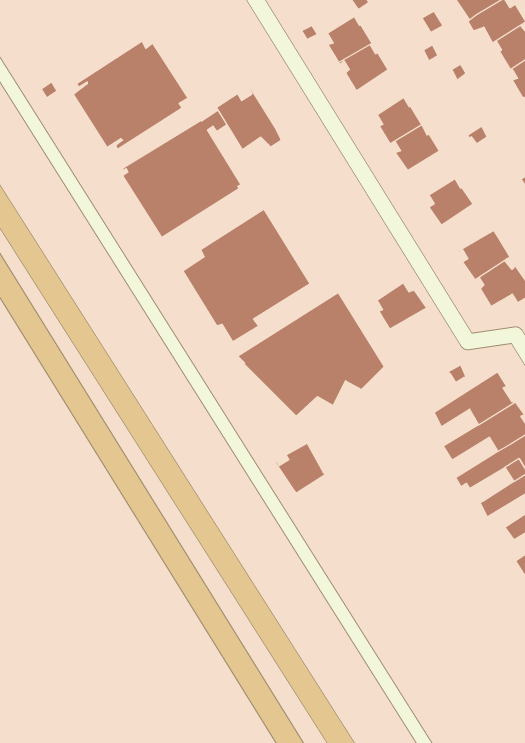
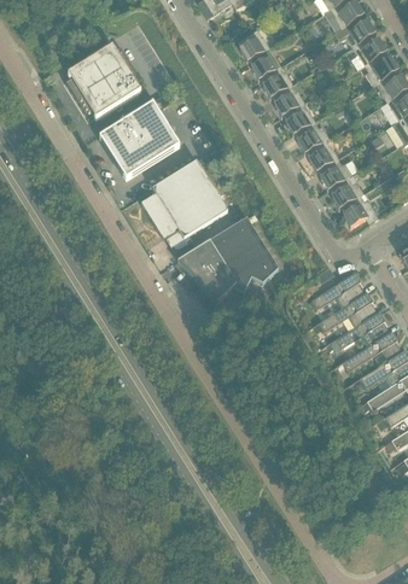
building: none -> [262,65,292,98]
building: [217,87,281,150] -> none
building: none -> [293,121,330,153]
building: [374,281,427,329] -> [316,157,352,189]
building: [276,443,325,493] -> none

